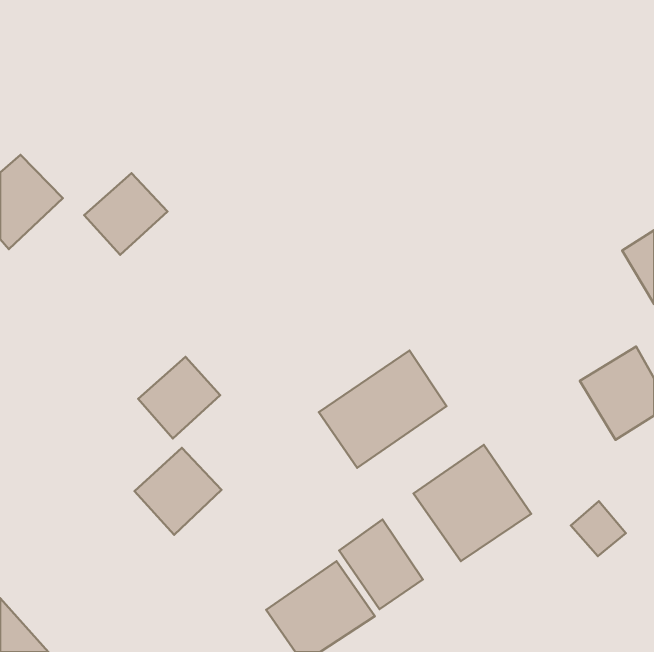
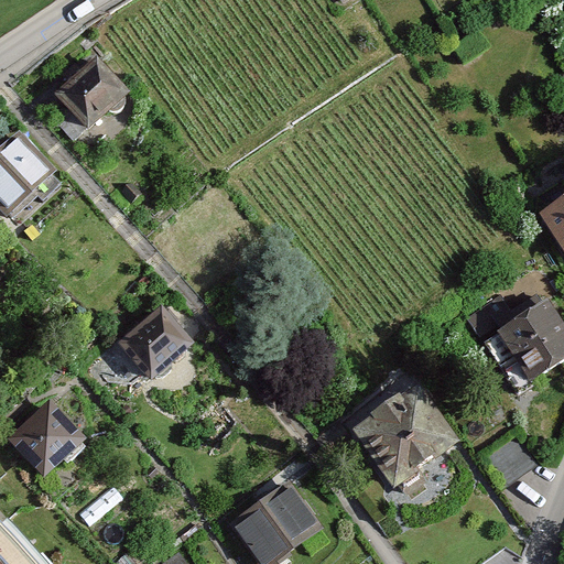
building: [84,173,167,255] -> [54,54,126,124]
building: [319,351,446,468] -> none
building: [135,448,222,535] -> [7,401,82,476]
building: [339,520,423,609] -> none

